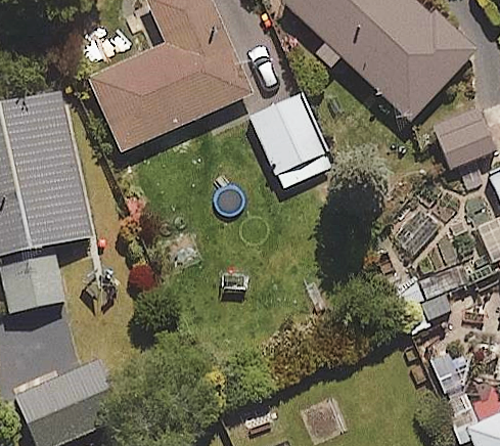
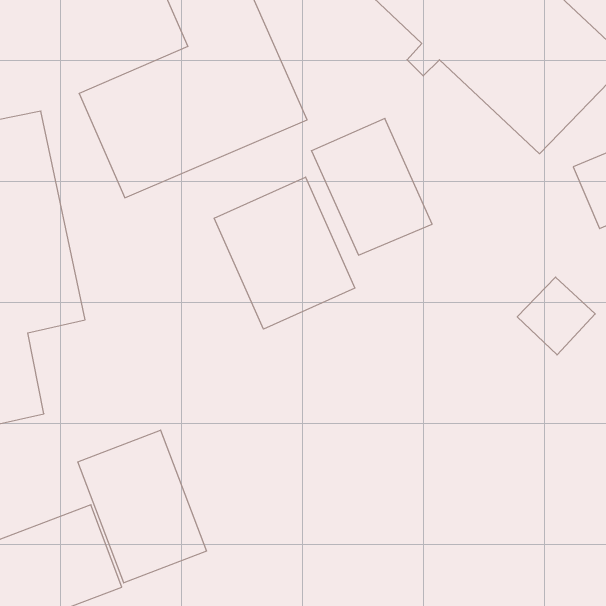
building: none -> [214,177,355,329]
building: none -> [78,430,206,583]

